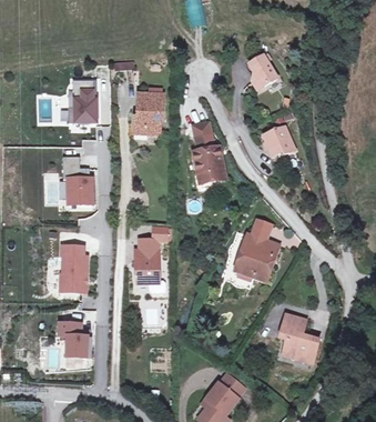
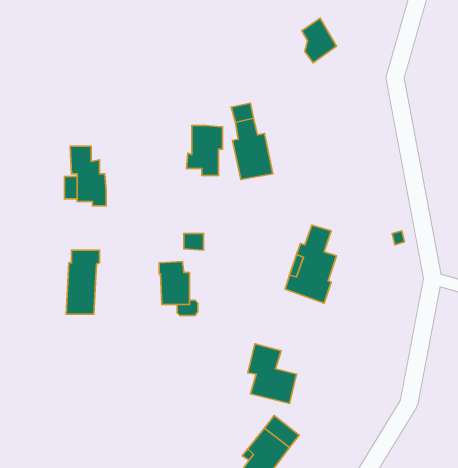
building: [74,80,96,120] -> none
building: [133,93,162,133] -> [186,125,223,175]
building: [263,125,295,157] -> none
building: [280,314,318,362] -> [248,344,296,403]
building: [58,322,88,358] -> none

